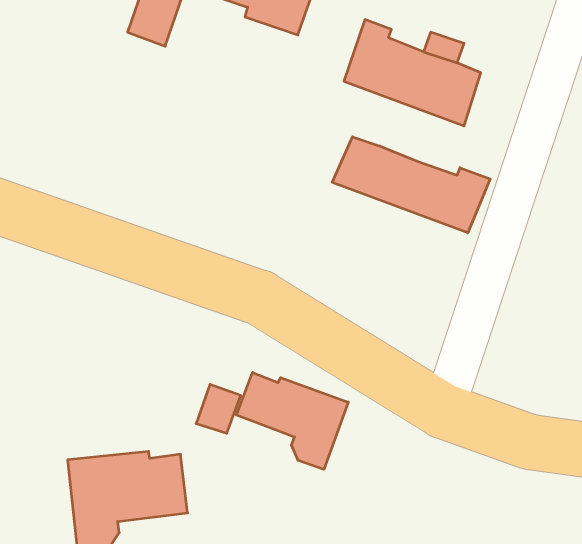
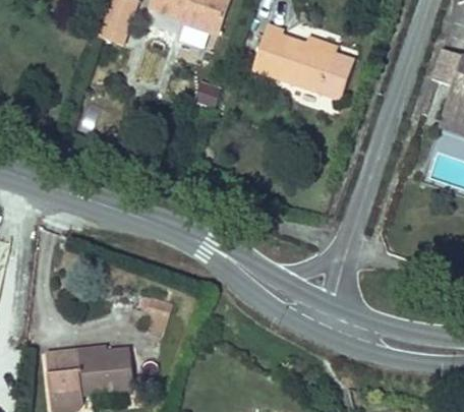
building: [332,137,490,233] -> none
building: [236,372,348,469] -> none

